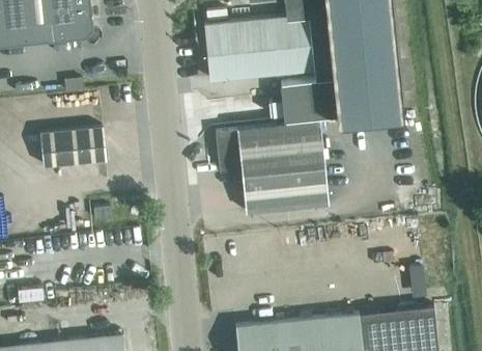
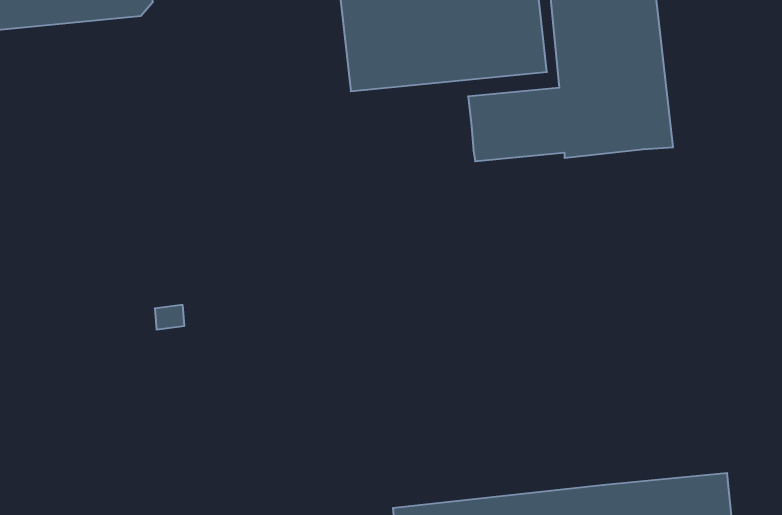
building: [215,122,328,214] -> none
building: [39,129,105,168] -> none

